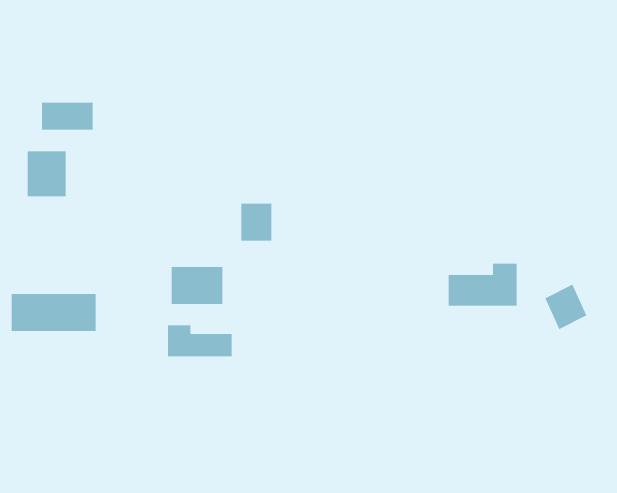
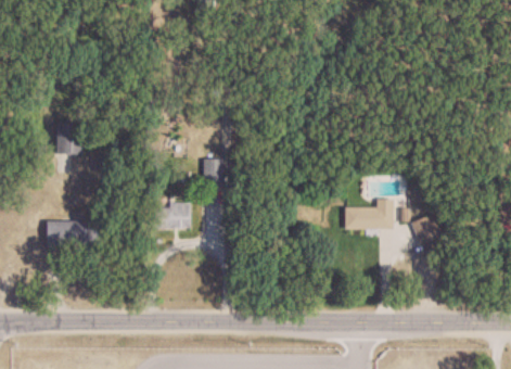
building: [42,102,93,131] -> none
building: [167,325,232,357] -> none

